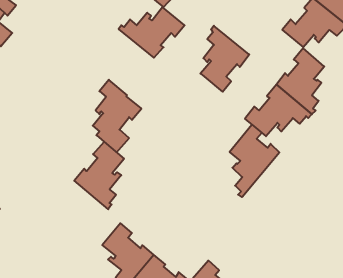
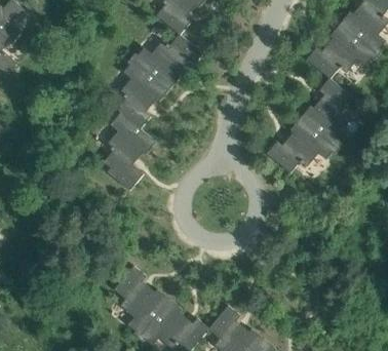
building: [200,26,249,92] -> [117,57,169,128]
building: [230,125,279,197] -> none
building: [74,142,124,209] -> none

